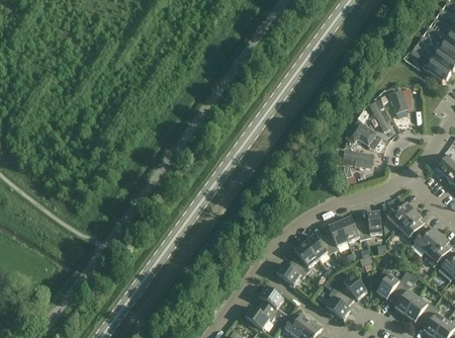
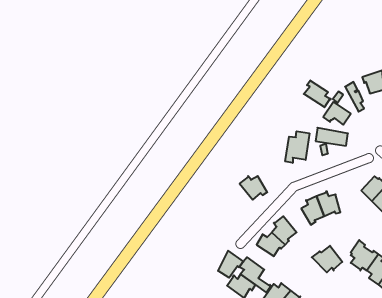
building: none -> [304,80,331,107]
building: none -> [285,131,309,163]
building: [359,210,381,238] -> none
building: [303,234,333,259] -> [240,176,267,200]
building: none -> [218,251,243,278]
building: [325,285,350,319] -> none

